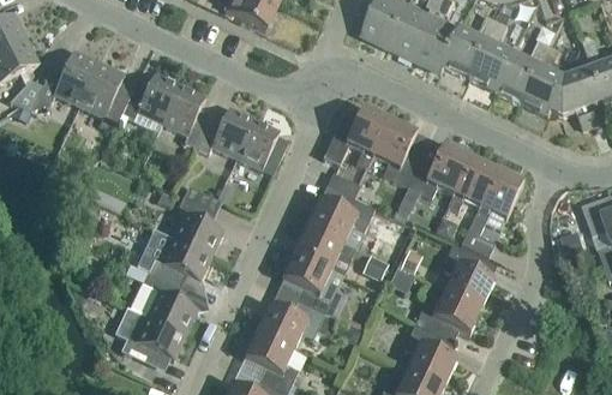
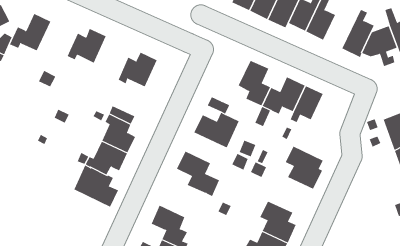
building: [496,38,550,102] -> none
building: [78,62,125,131] -> none
building: [161,84,210,148] -> none
building: [322,106,389,168] -> none
building: [235,119,287,175] -> none
building: [461,168,523,256] -> none
building: [294,225,355,269] -> none
building: [414,289,481,341] -> none
building: [256,301,324,348] -> none
building: [116,306,185,365] -> none

